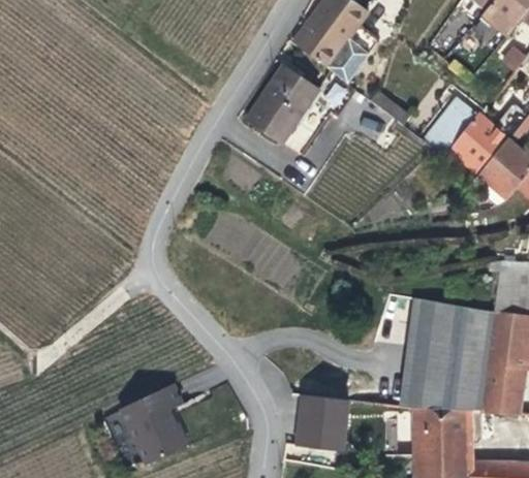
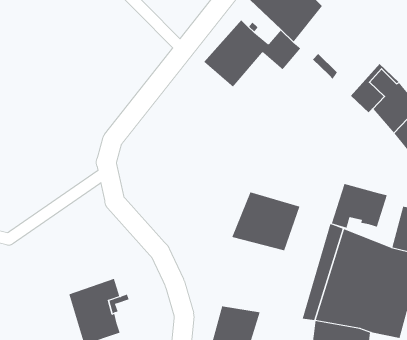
building: none -> [331,183,387,228]
building: none -> [232,192,300,251]

